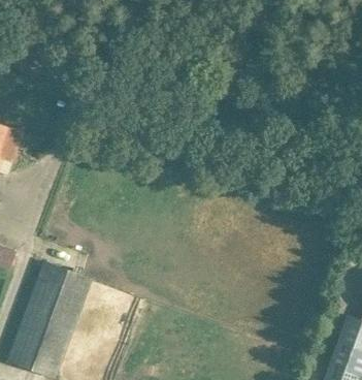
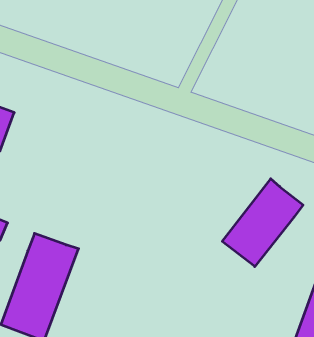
building: none -> [222,179,303,267]

